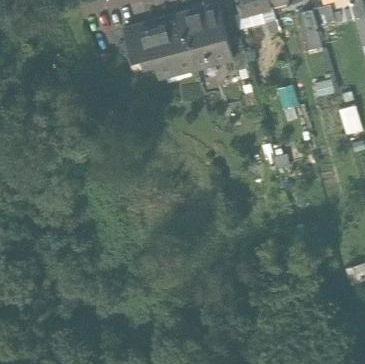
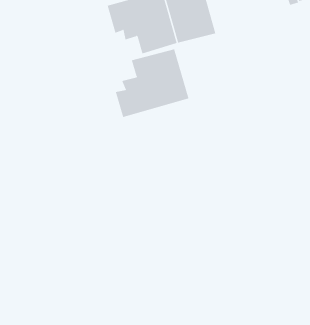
building: none -> [115,48,189,118]

